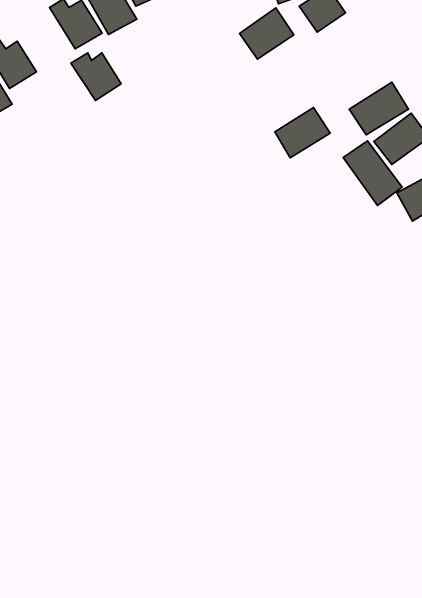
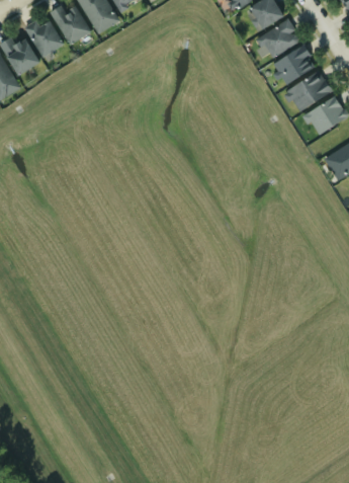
building: [240,8,294,59] -> [257,19,299,60]
building: [71,53,121,101] -> [23,20,63,58]
building: [275,107,330,158] -> [272,46,316,85]
building: [343,141,402,205] -> none

